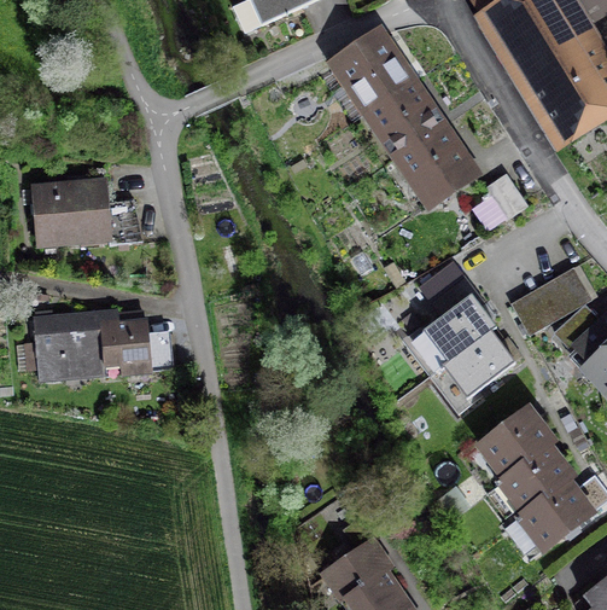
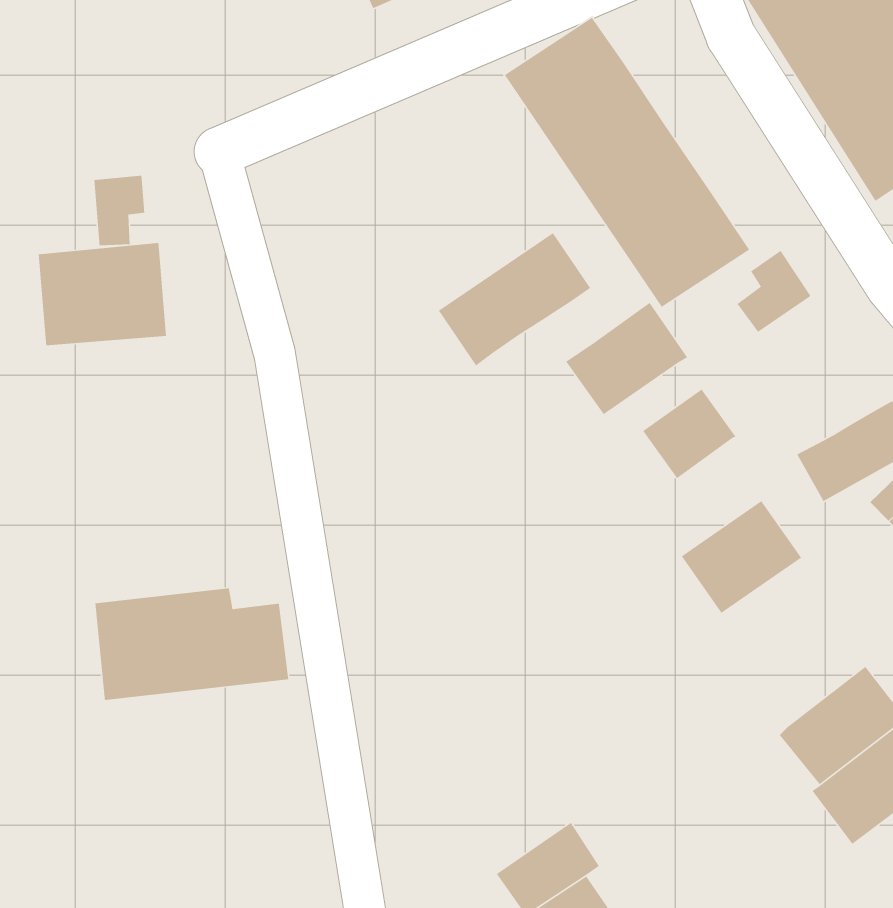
building: none -> [93,175,145,246]
building: none -> [438,232,591,367]
building: [418,297,495,368] -> [565,302,688,415]
building: [36,302,158,373] -> [95,587,289,701]
building: [479,399,562,477] -> none

